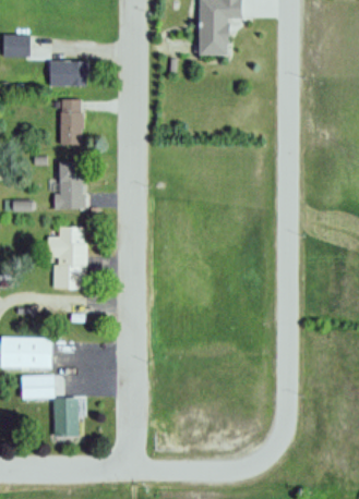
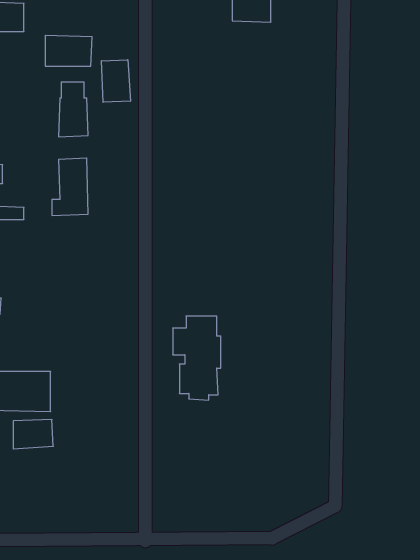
building: none -> [102,60,130,102]
building: [48,227,87,295] -> [173,316,221,400]
building: [52,398,81,437] -> none

